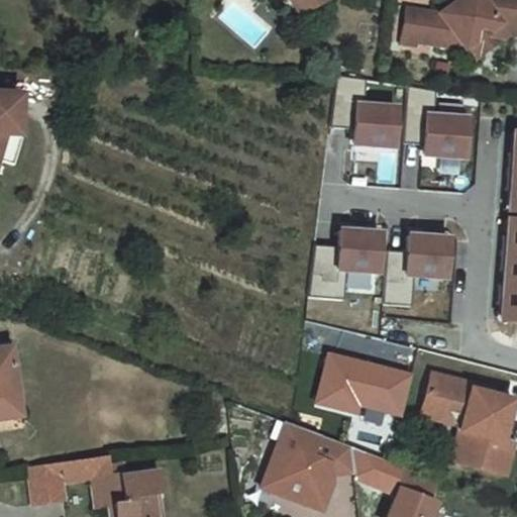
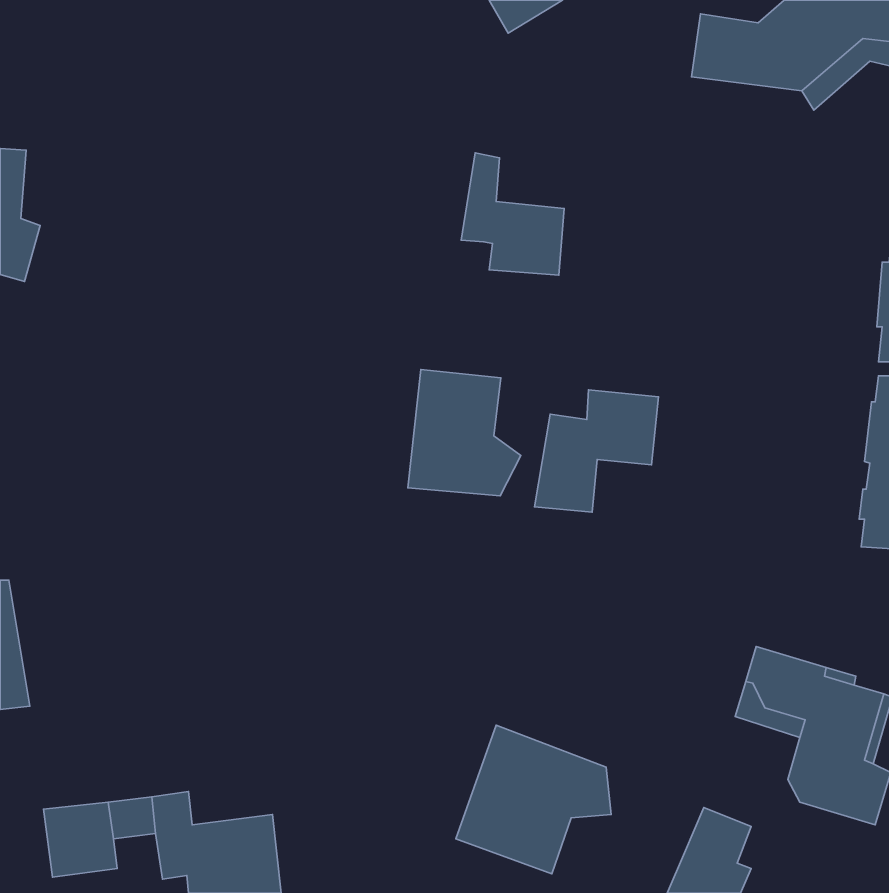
building: [340,73,400,143] -> [461,153,564,275]
building: [408,85,469,157] -> none
building: none -> [408,370,521,496]
building: [385,232,450,303] -> none
building: [316,350,411,414] -> none
building: [352,443,409,493] -> none

